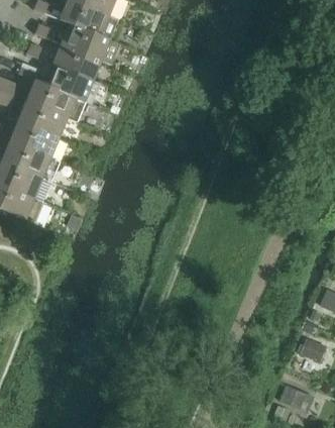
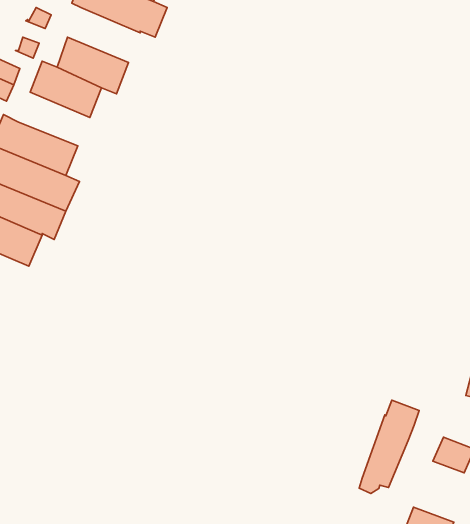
building: [42,45,100,83] -> none
building: [17,103,66,139] -> none
building: none -> [359,400,419,493]

